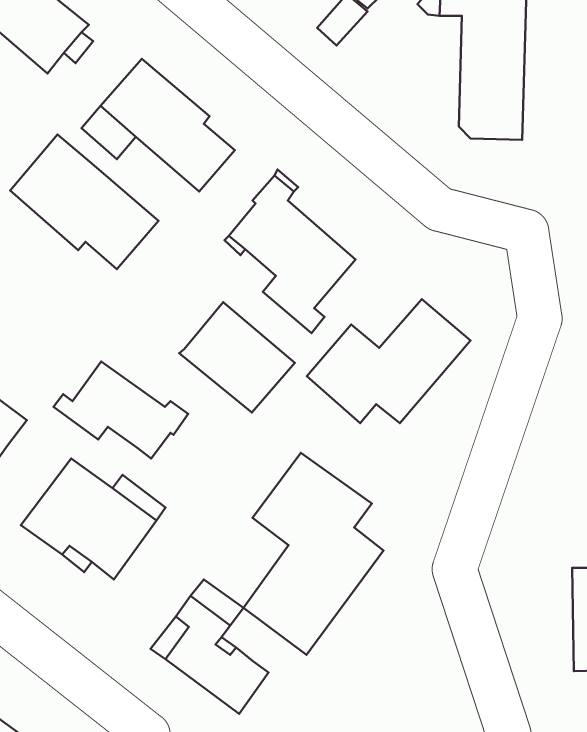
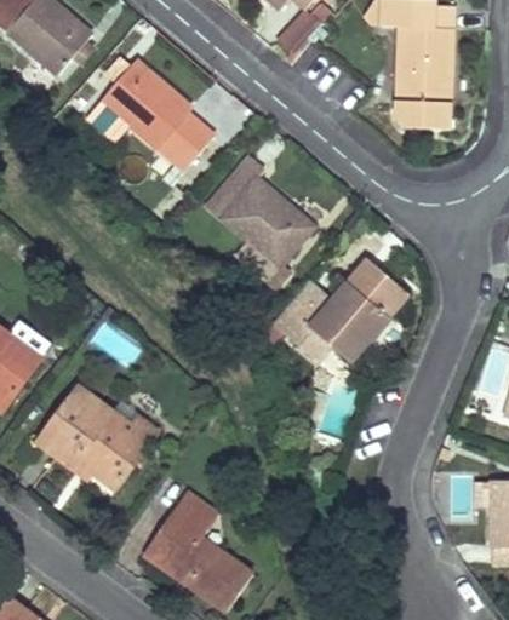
building: [10,135,158,269] -> none
building: [179,302,295,413] -> none
building: [53,362,188,458] -> none
building: [244,453,384,655] -> none

